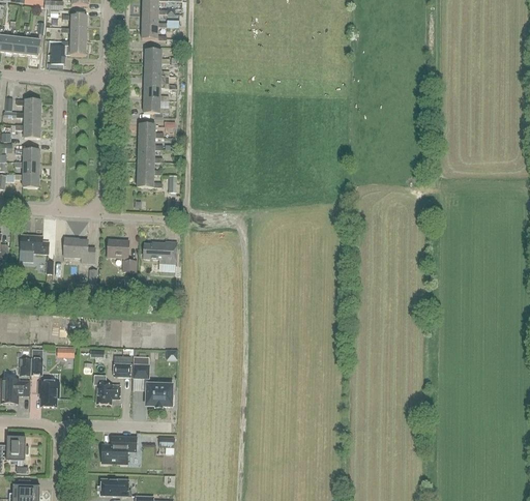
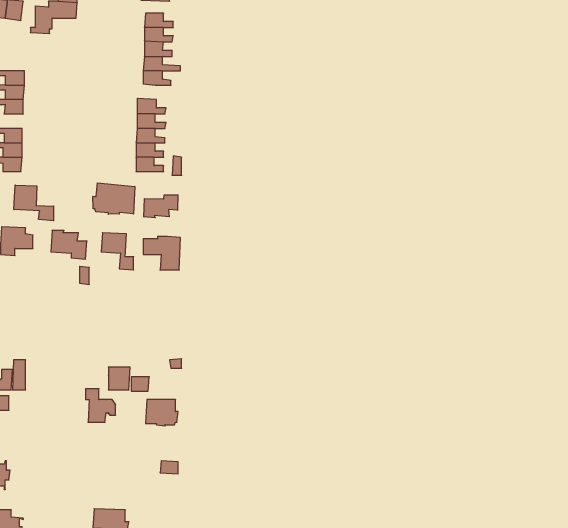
building: none -> [93,183,135,214]
building: none -> [14,185,54,221]
building: none -> [144,195,178,218]
building: [36,380,58,405] -> none
building: [100,436,136,463] -> none

